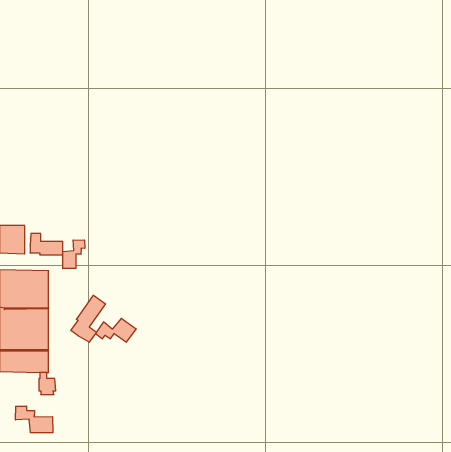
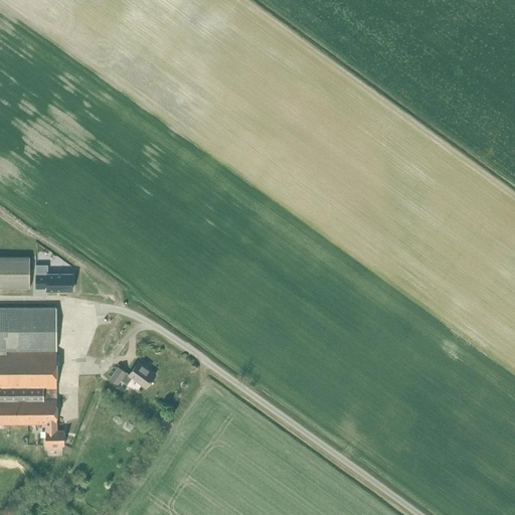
building: [63,240,85,269] -> none
building: [71,295,106,342] -> none
building: [16,406,53,433] -> none

